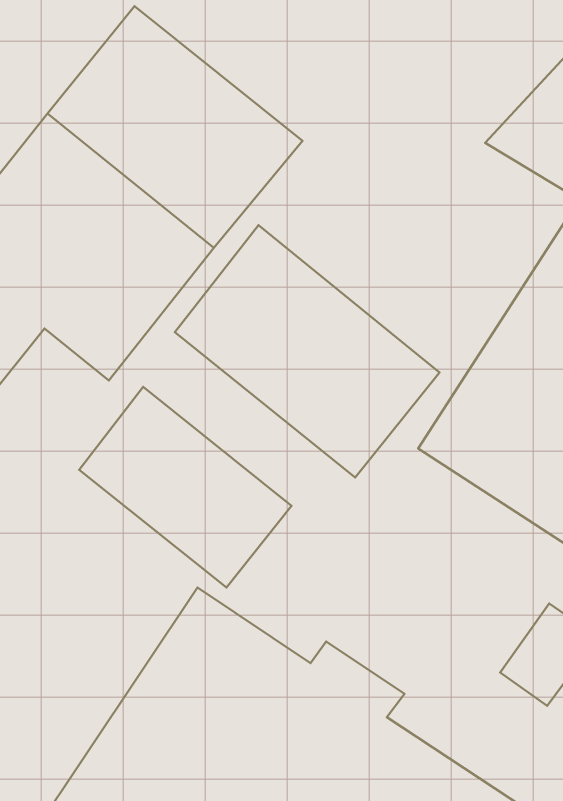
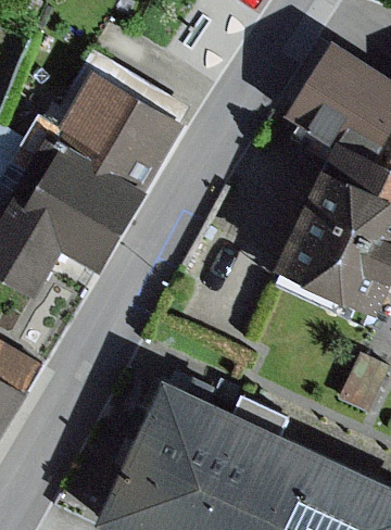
building: [175,225,439,478] -> none
building: [79,387,291,588] -> none

